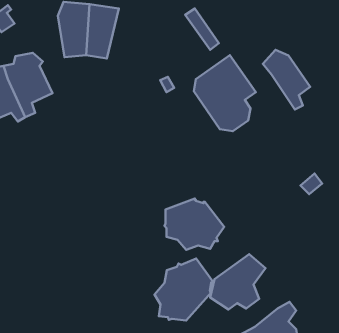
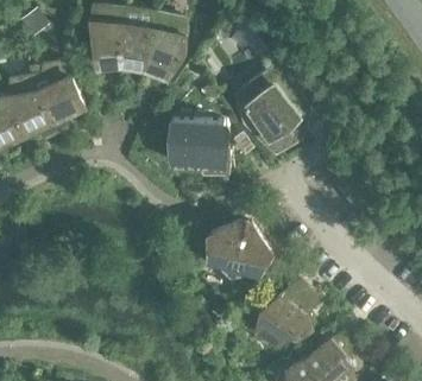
building: none -> [143,14,185,81]
building: [263,50,310,110] -> none
building: none -> [170,122,225,176]
building: [154,259,213,321] -> none

